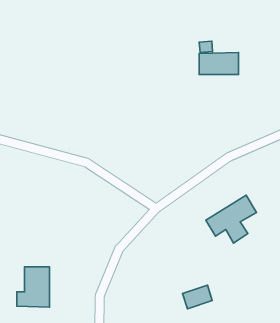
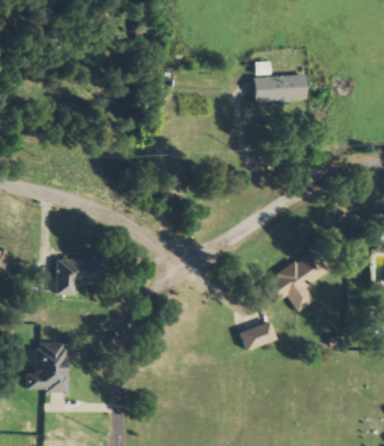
building: none -> [56,258,95,294]
building: [183,285,212,309] -> [240,320,277,350]

